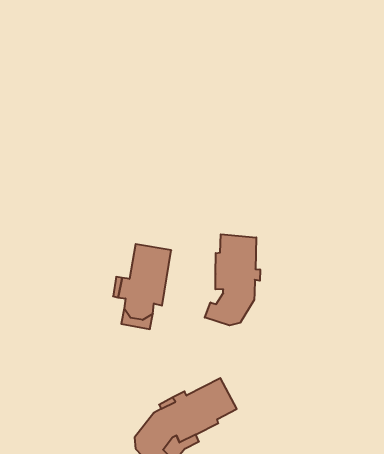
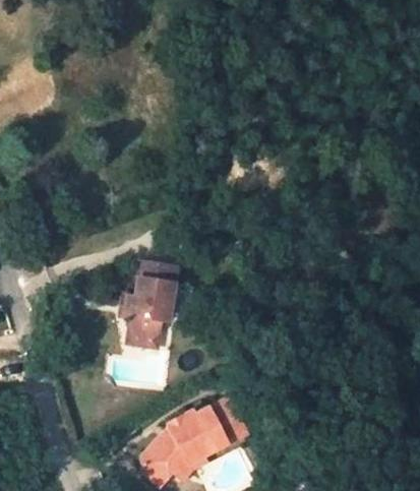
building: [205,234,260,325] -> none

